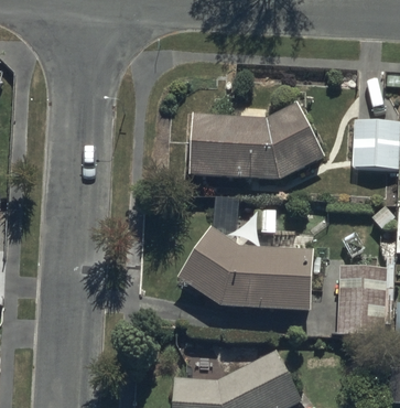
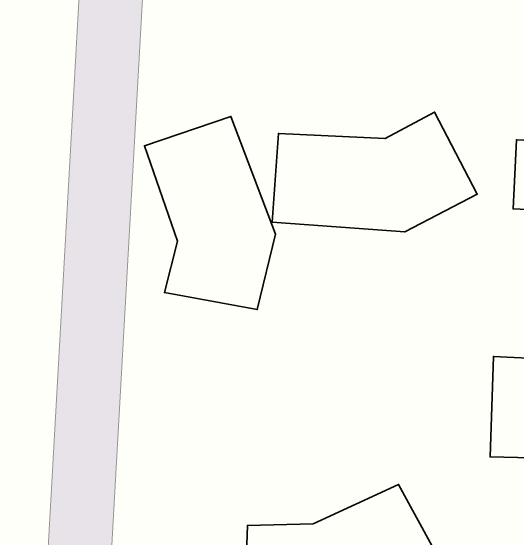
building: none -> [145,116,276,309]
building: [181,229,314,312] -> none

